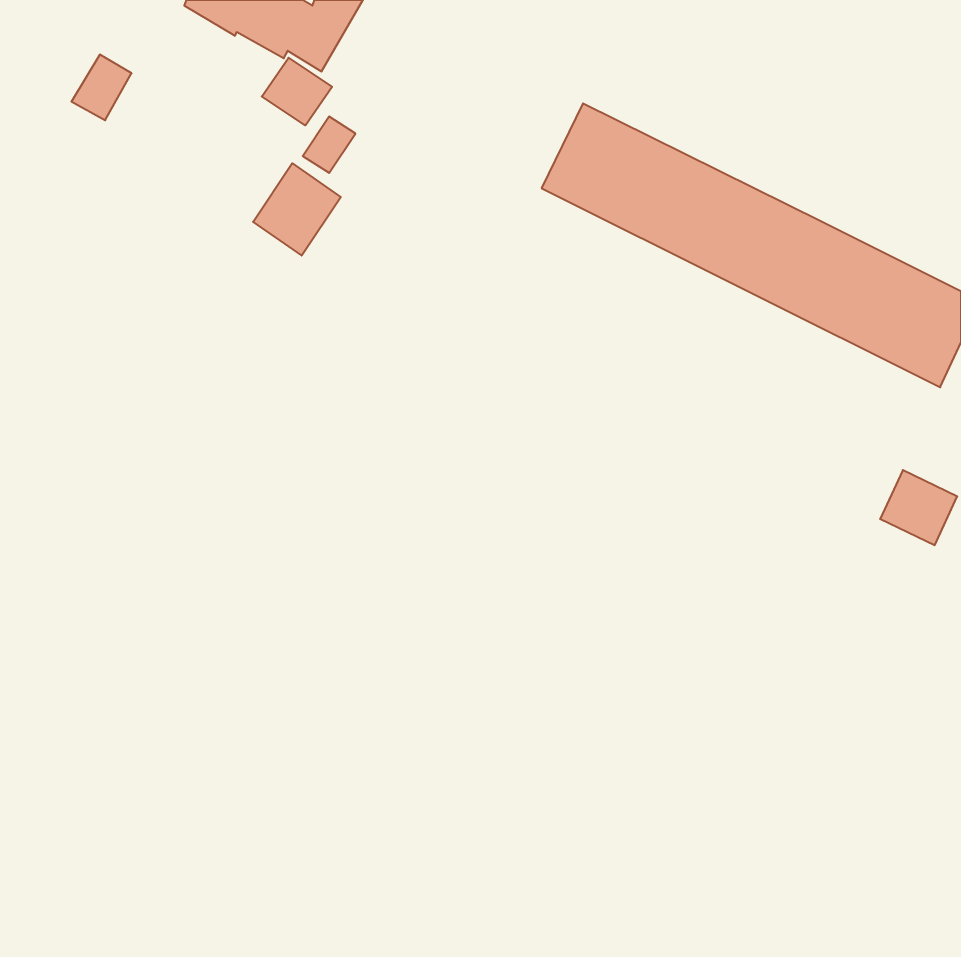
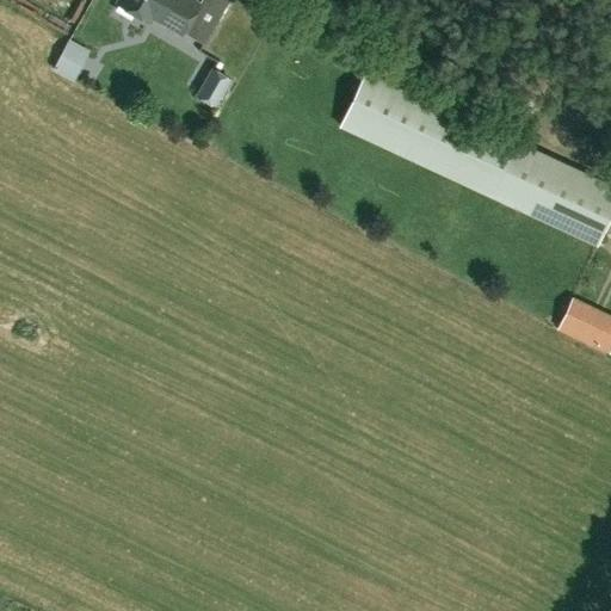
building: [262,58,332,125] -> none
building: [253,163,341,256] -> none

